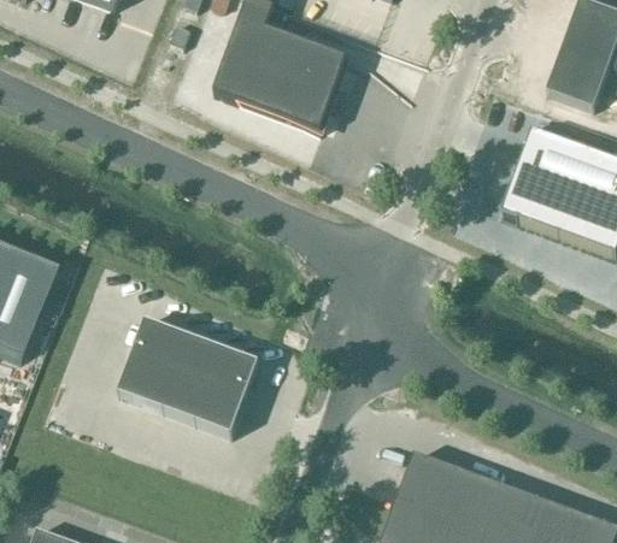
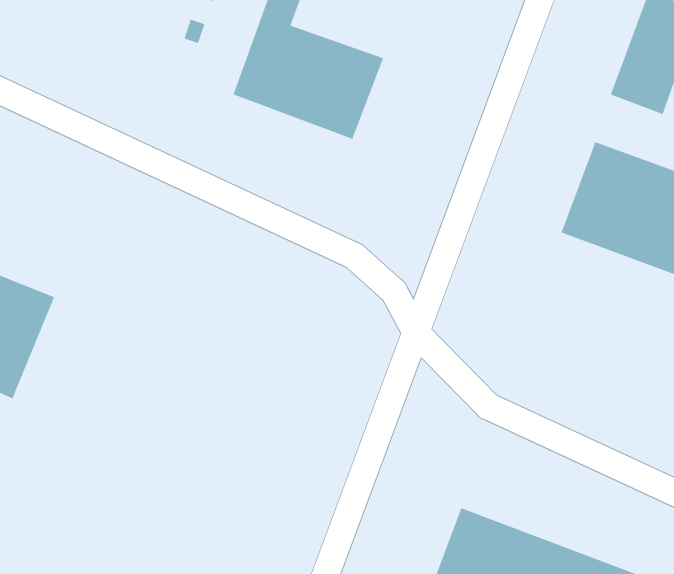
building: [117,315,258,431] -> none

